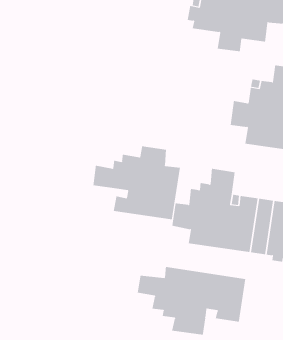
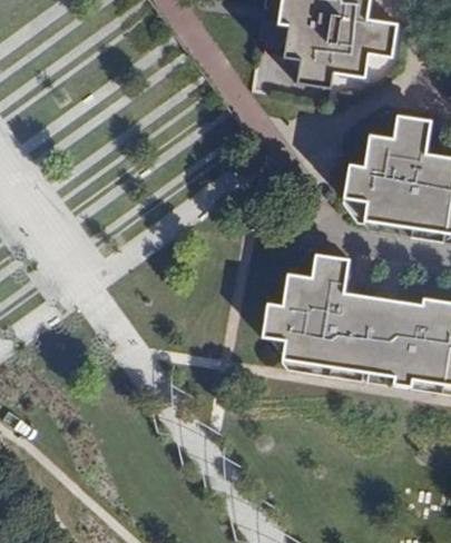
building: [93,145,180,220] -> none
building: [137,266,246,336] -> none

